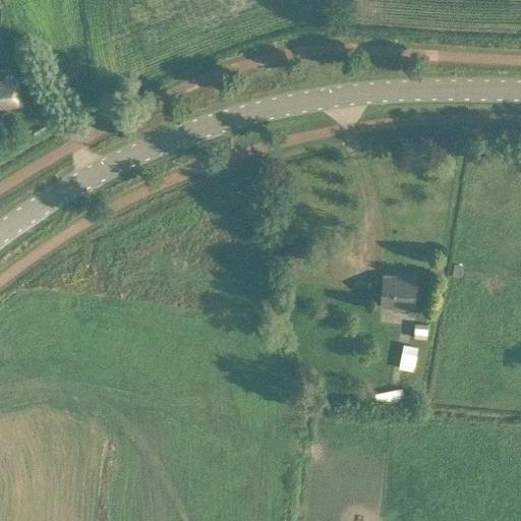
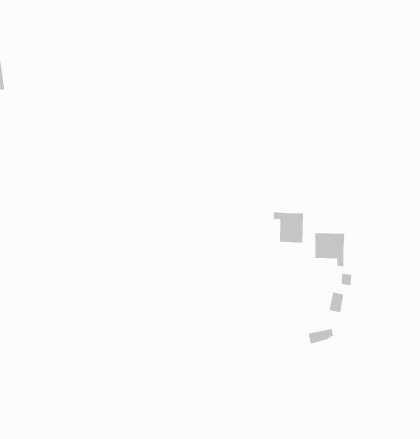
building: none -> [273,212,304,244]

